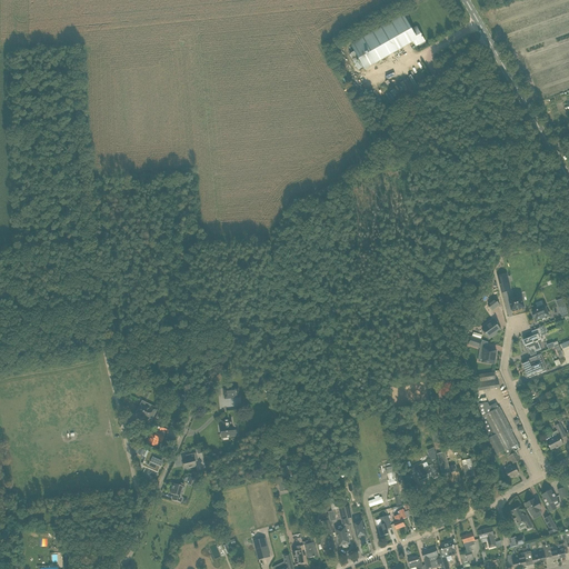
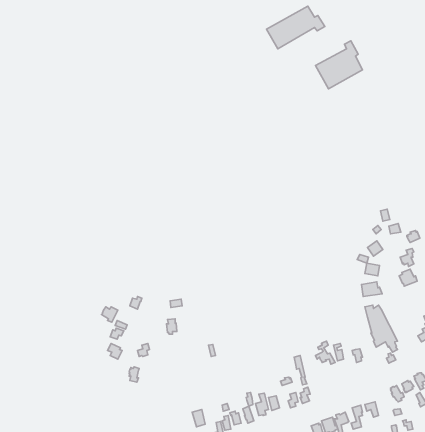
building: none -> [316,41,363,89]

